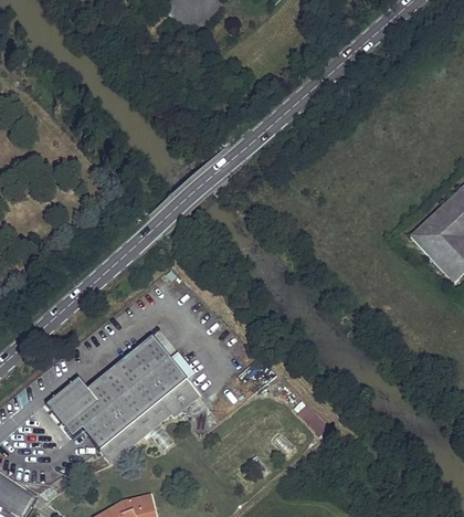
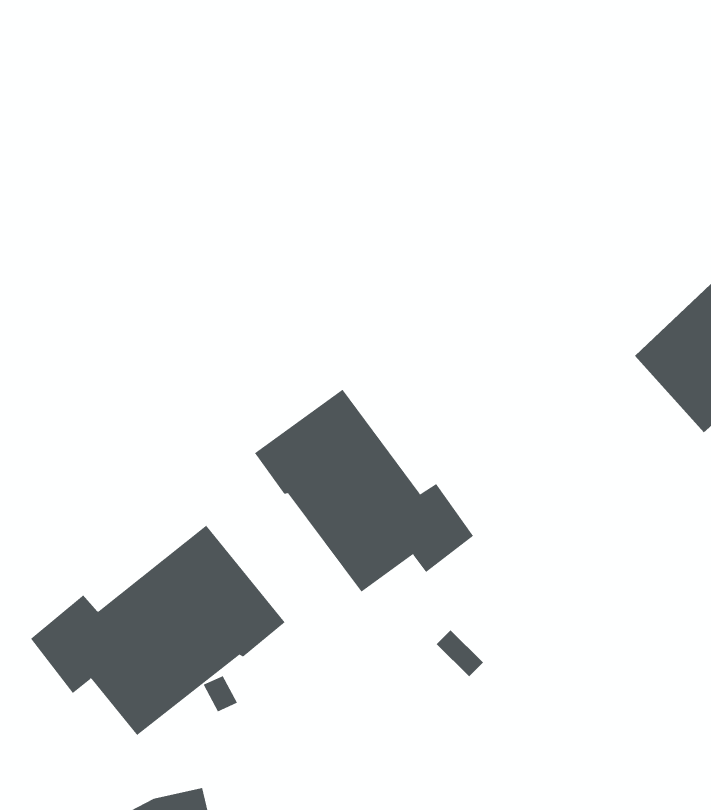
building: none -> [254,389,474,592]

